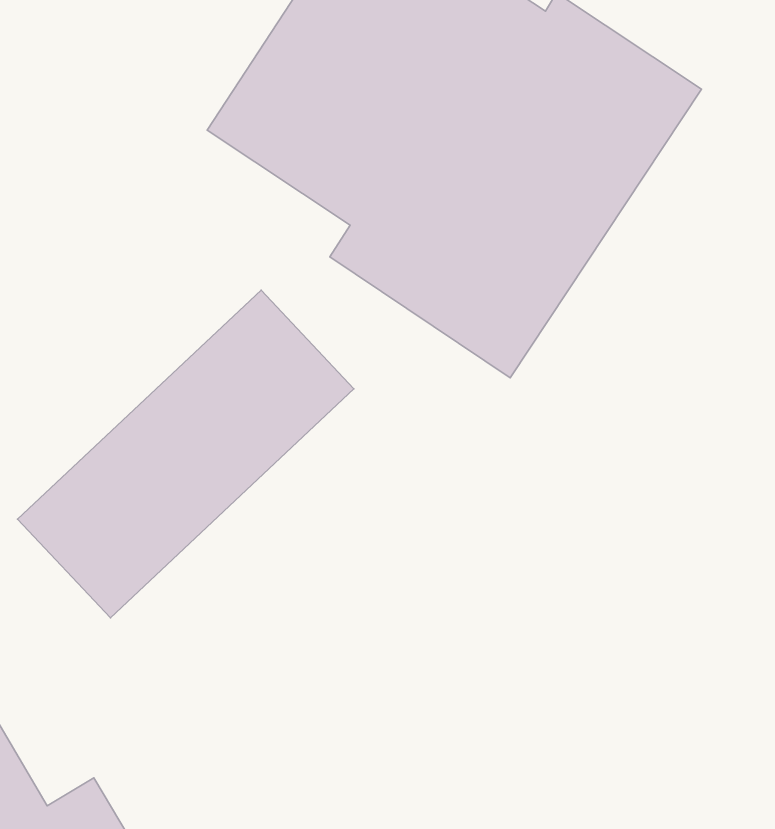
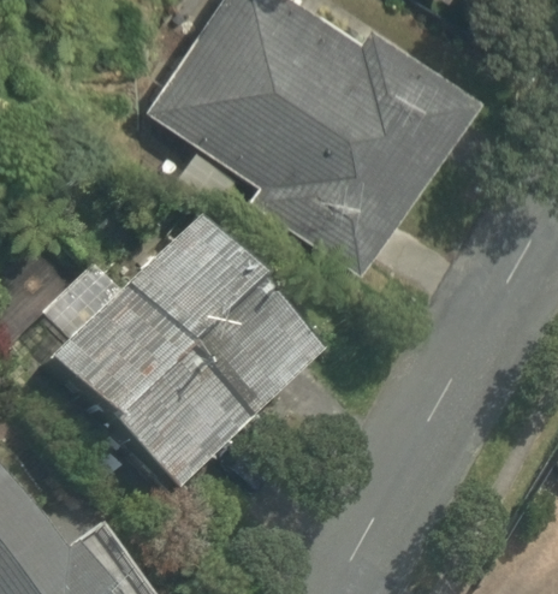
building: none -> [94,283,319,501]

